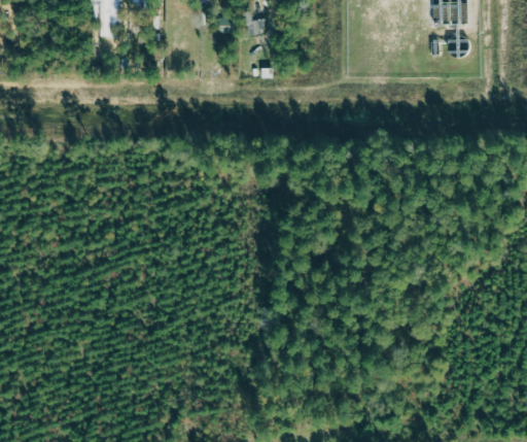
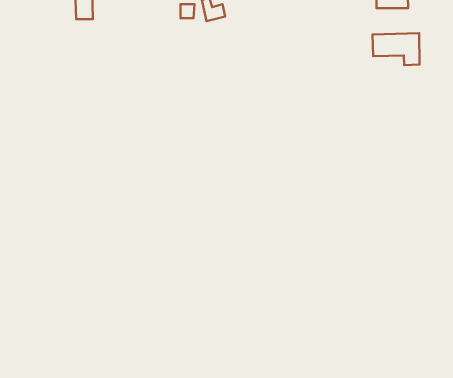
building: none -> [372,33,419,65]

